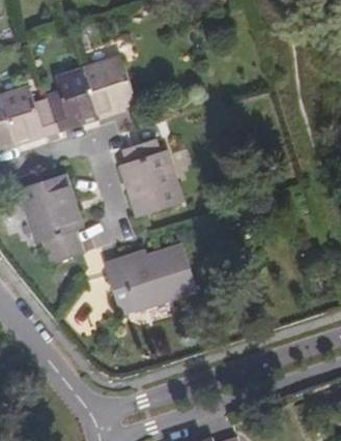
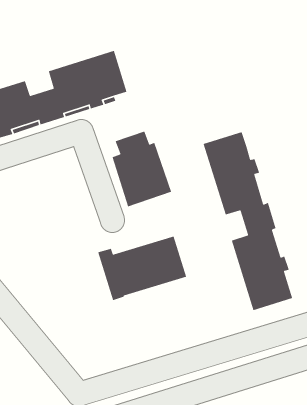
building: none -> [203,131,293,311]
building: [19,173,83,263] -> none

